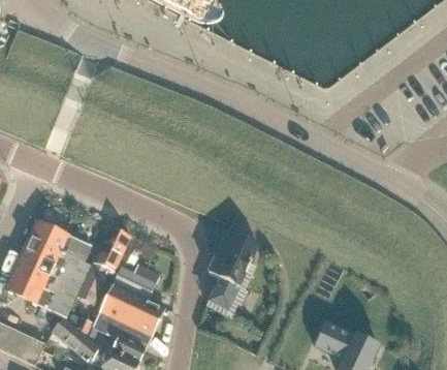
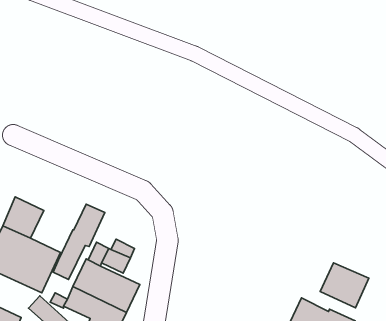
building: [207,229,259,310] -> none
building: [55,234,91,276] -> none
building: none -> [320,263,369,308]

